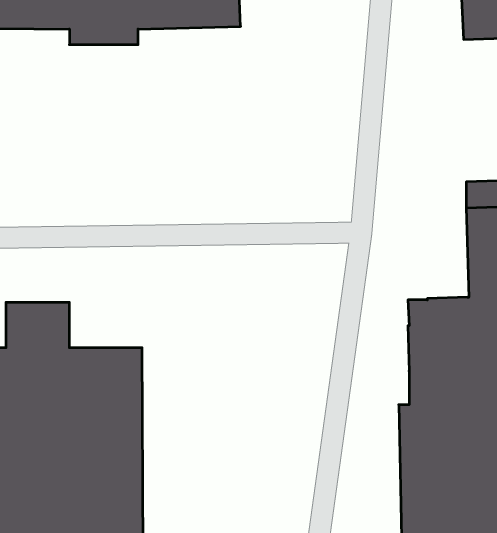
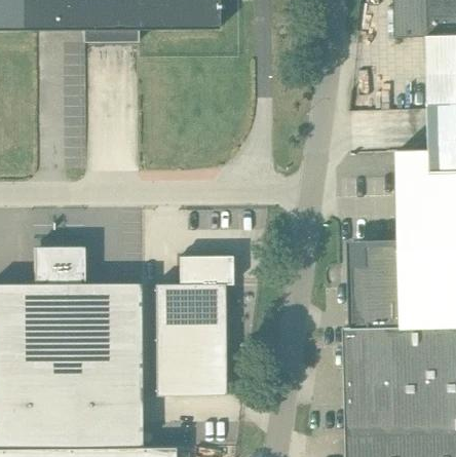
building: none -> [155,256,233,395]

